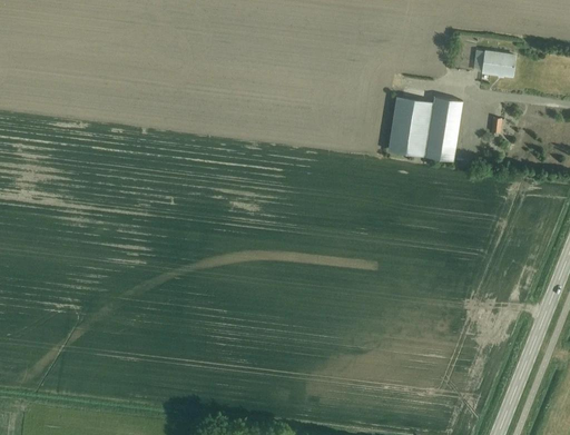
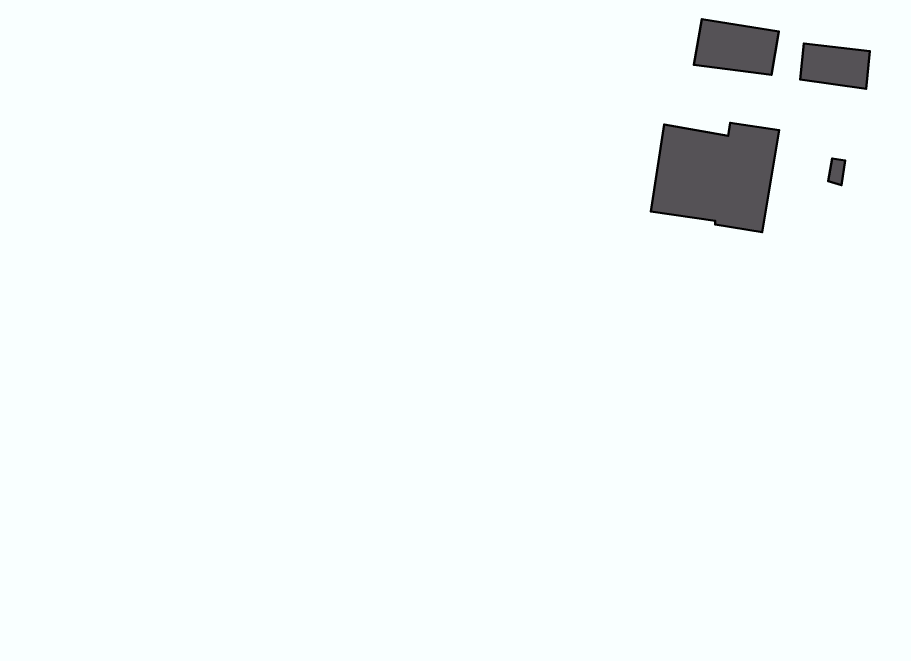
building: none -> [694,19,779,75]

